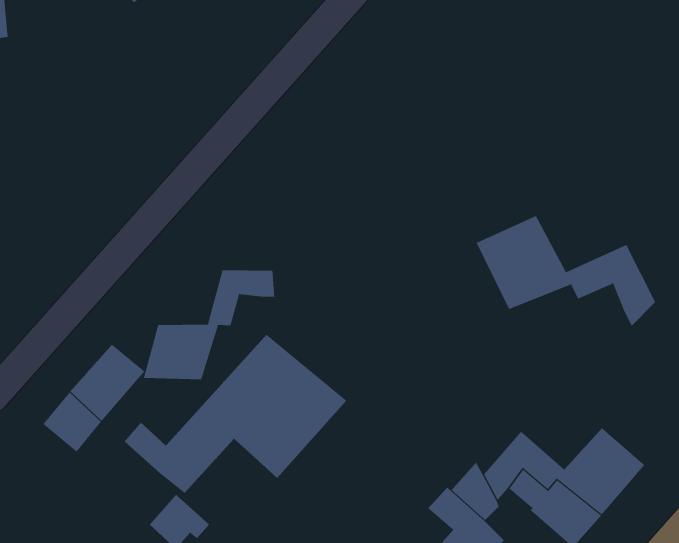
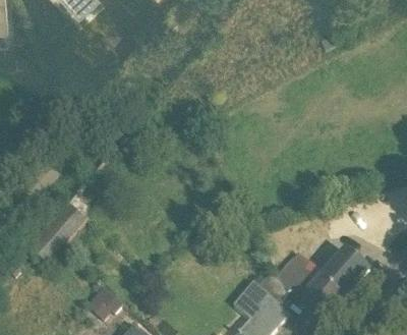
building: [476,215,656,327] -> none
building: [143,270,275,380] -> none
building: [124,334,347,494] -> none

